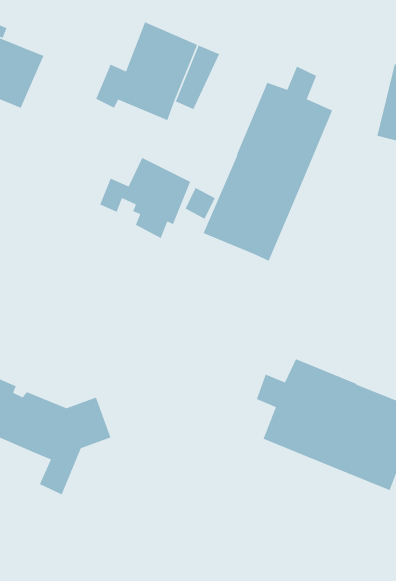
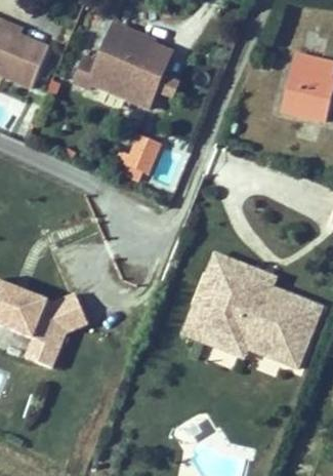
building: [203,66,333,262] -> none
building: none -> [206,256,278,290]
building: none -> [185,302,249,360]

